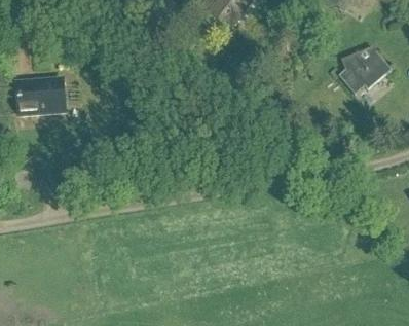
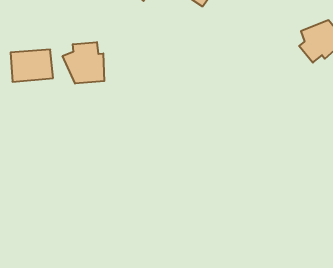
building: none -> [63,42,104,84]

